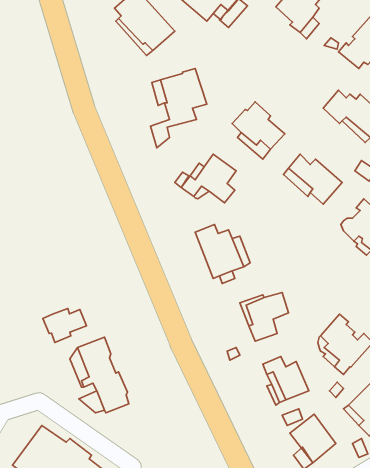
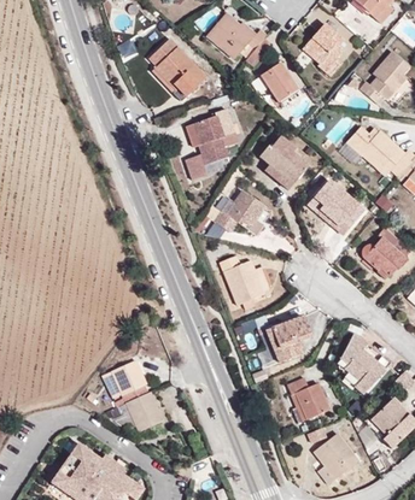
building: none -> [258,63,297,102]
building: [43,309,87,343] -> none

